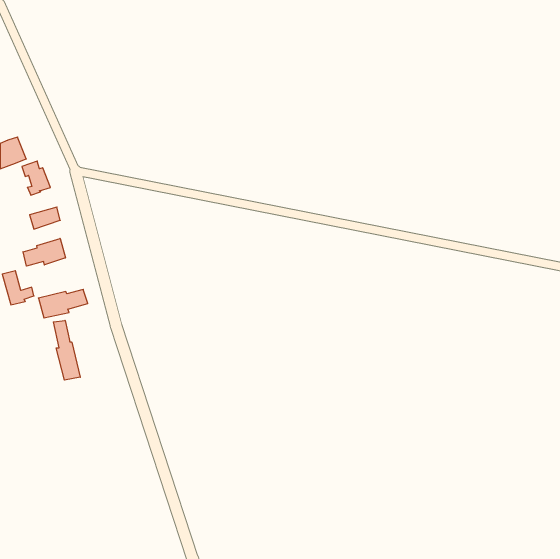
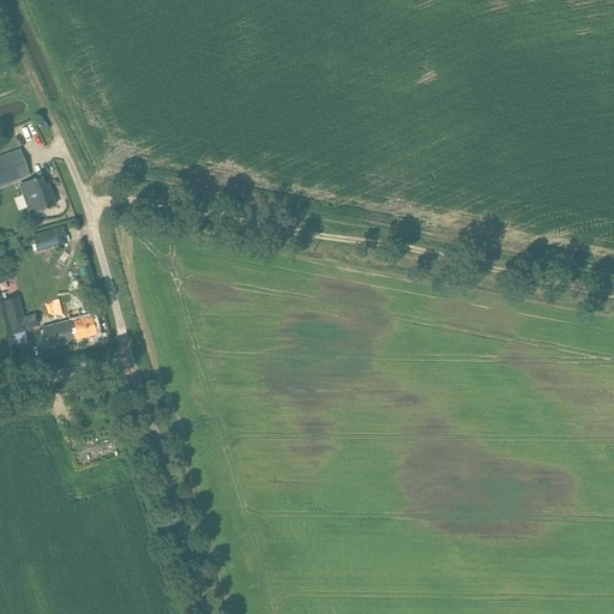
building: [23,238,65,266] -> none
building: [53,320,80,380] -> none

